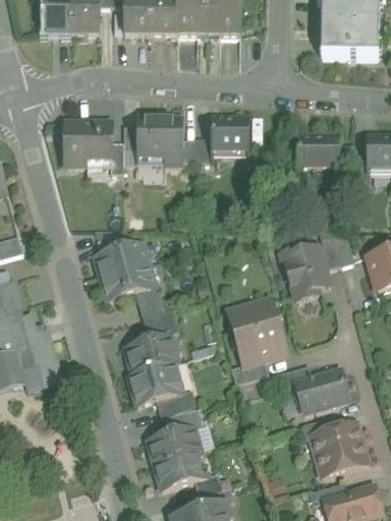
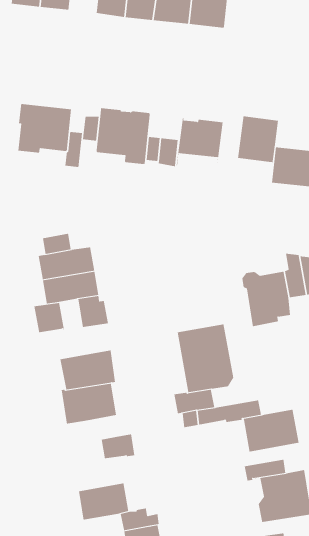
building: none -> [237,115,279,164]
building: [143,310,173,340] -> [33,302,65,333]
building: [156,392,187,417] -> none
building: [148,427,202,464] -> none

